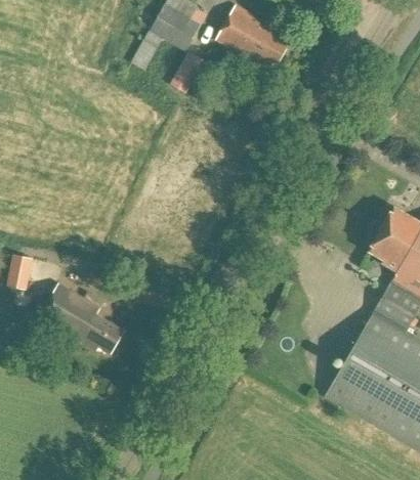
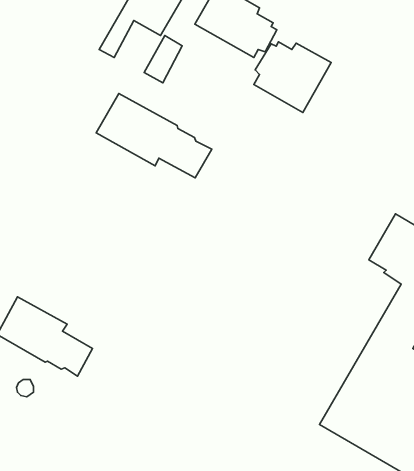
building: none -> [254,42,331,112]
building: none -> [96,93,212,178]

